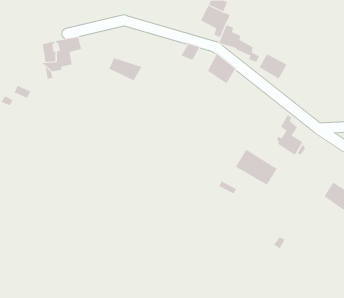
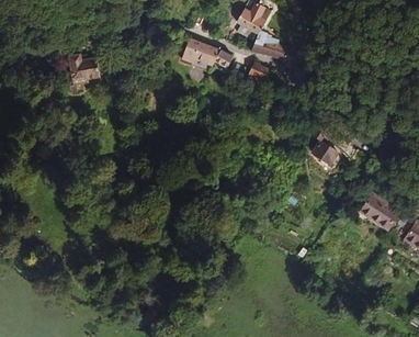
building: [259,54,287,80] -> none
building: [109,58,142,81] -> [182,36,218,61]
building: [235,149,277,186] -> none

